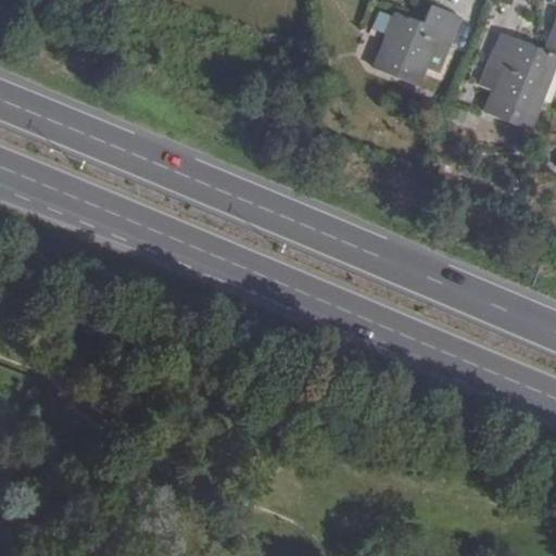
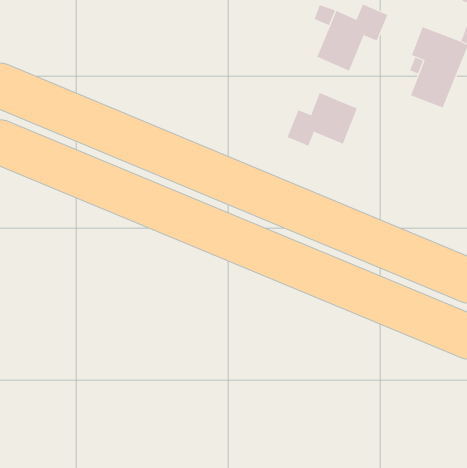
building: none -> [287,92,357,146]

